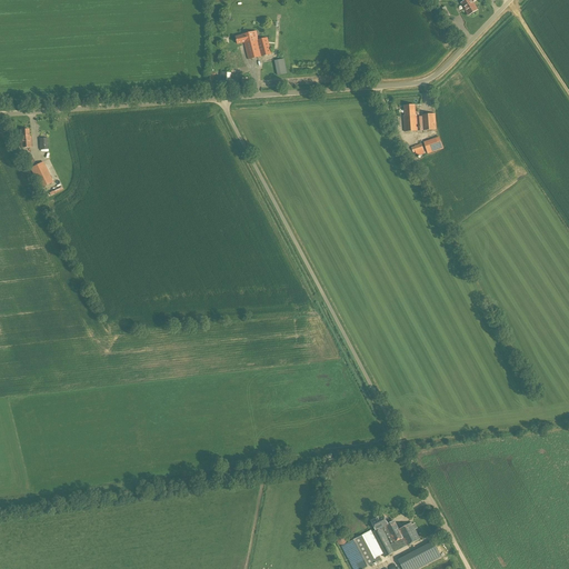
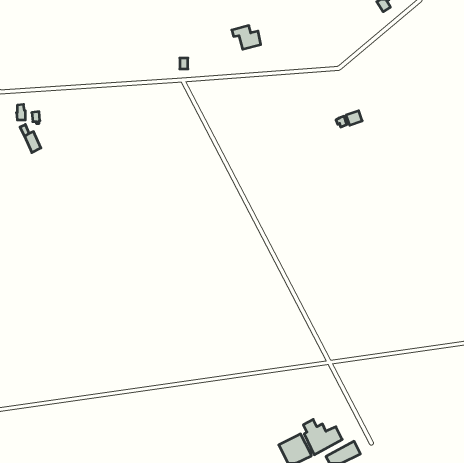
building: [236,30,271,59] -> [232,26,261,49]
building: [403,103,436,131] -> none

